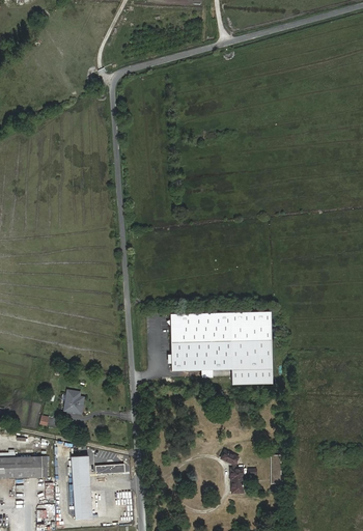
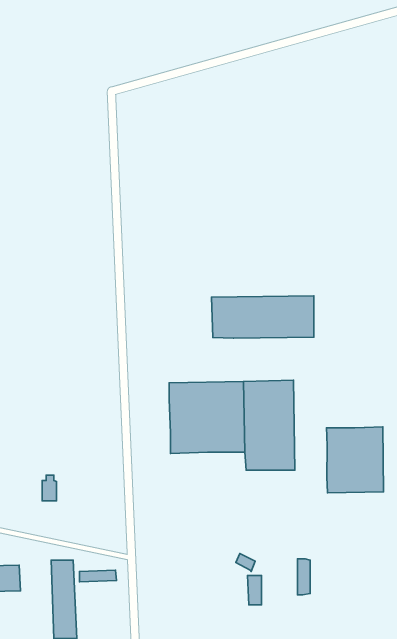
building: none -> [211,296,314,338]
building: none -> [326,427,384,493]

